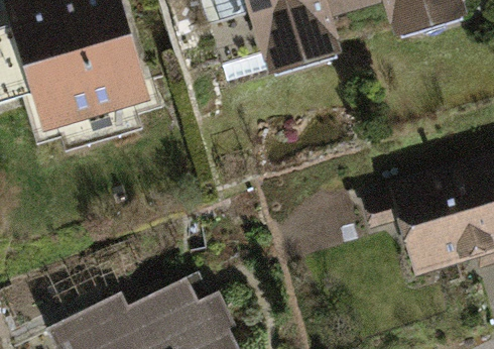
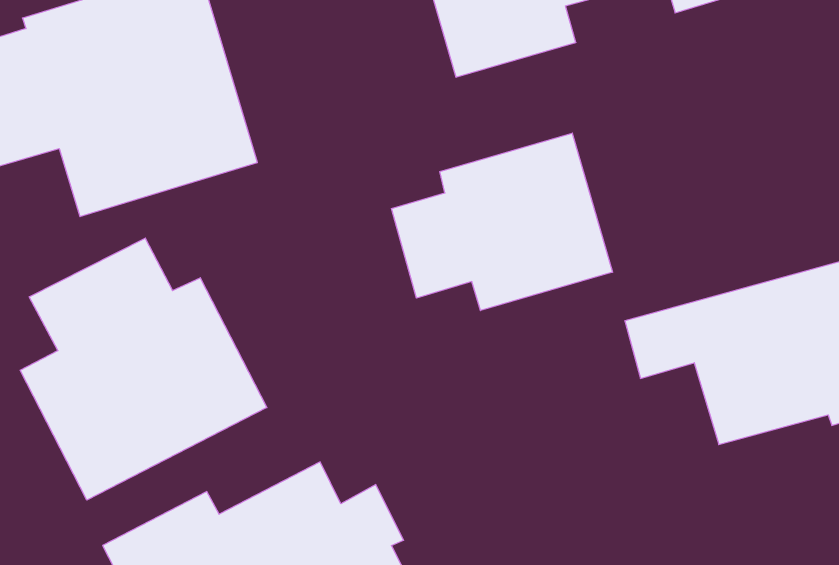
building: none -> [391,133,613,311]
building: none -> [20,238,267,500]

